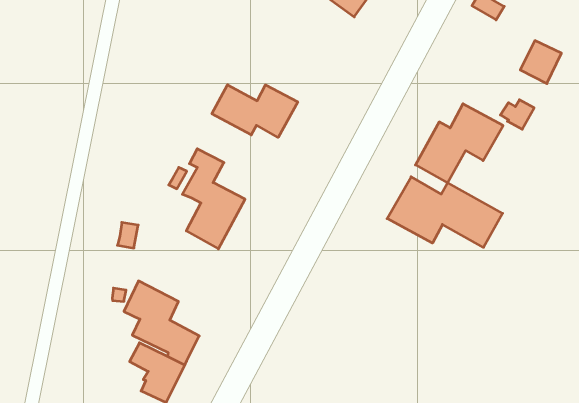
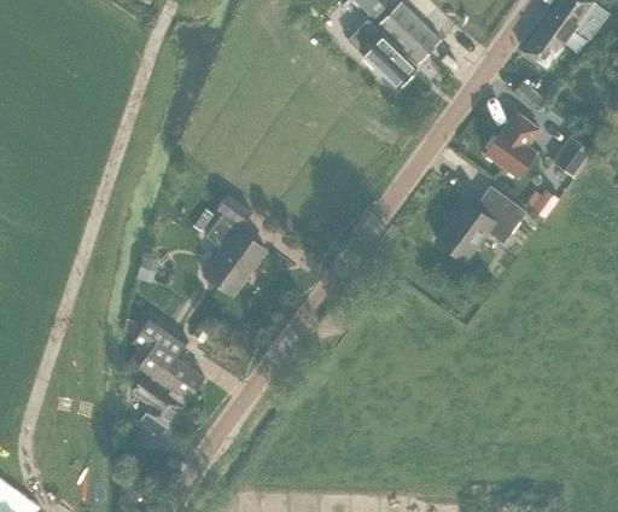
building: none -> [485,112,540,178]
building: [212,85,298,137] -> none
building: [387,177,503,247] -> none

